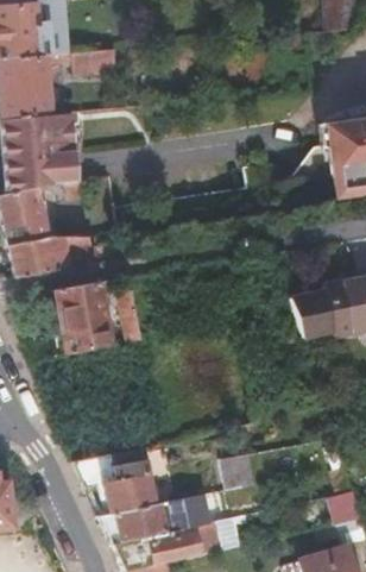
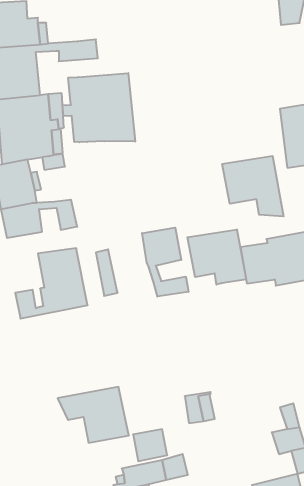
building: none -> [62,73,135,142]
building: none -> [222,156,284,216]
building: none -> [142,228,188,297]
building: none -> [187,229,246,285]
building: [100,503,168,546] -> none

